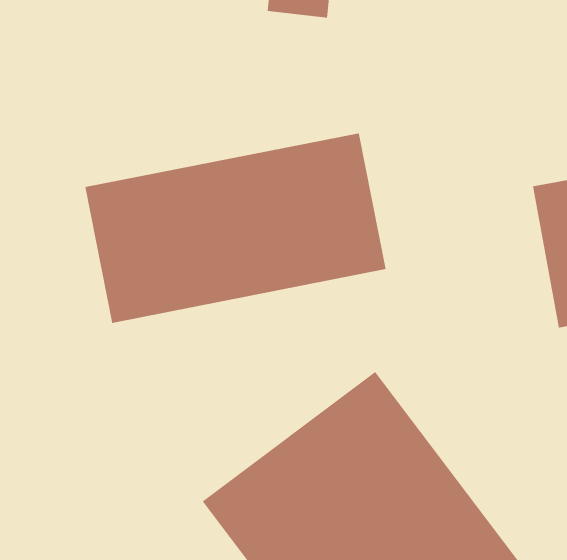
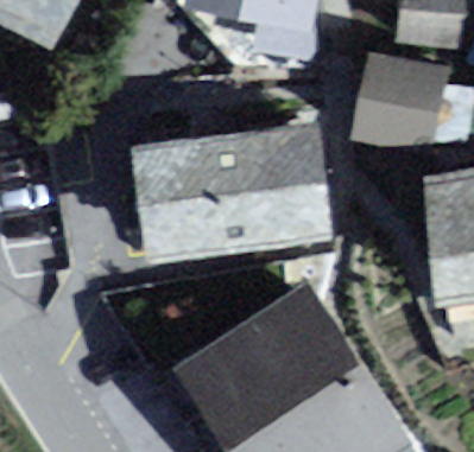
building: none -> [371,58,454,141]

